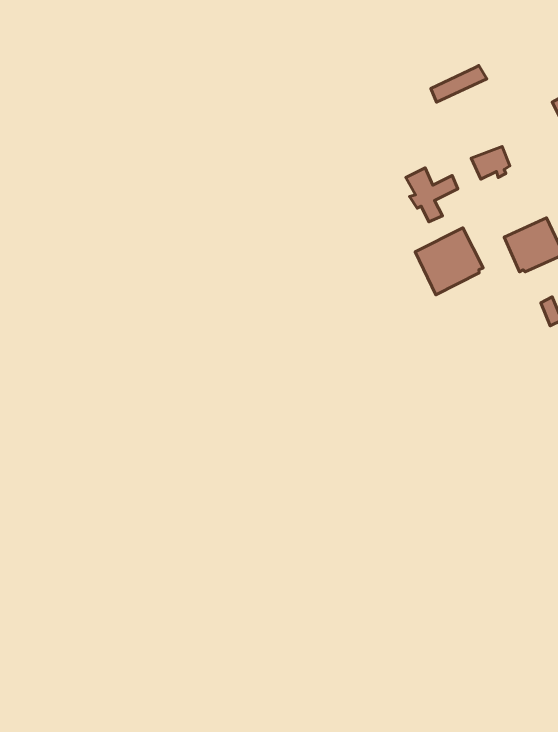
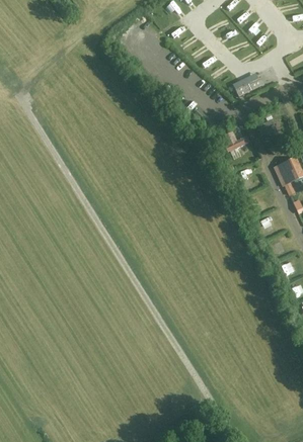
building: [415,228,483,295] -> none

